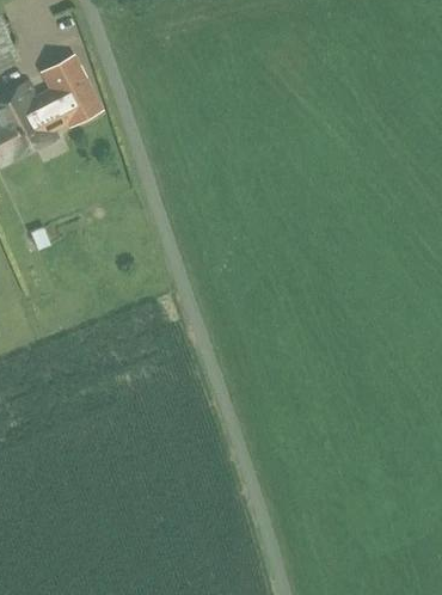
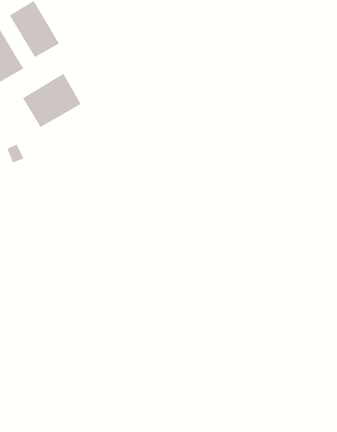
building: none -> [22,73,81,128]

